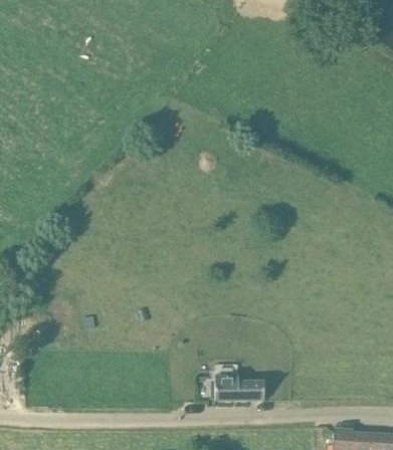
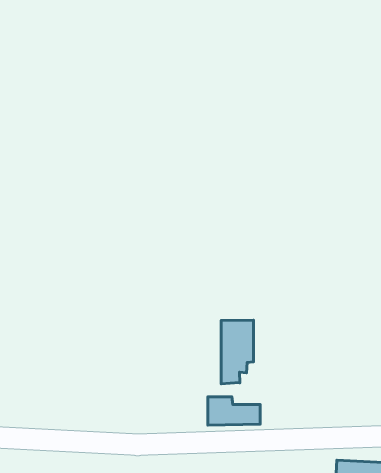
building: none -> [221,320,253,384]

